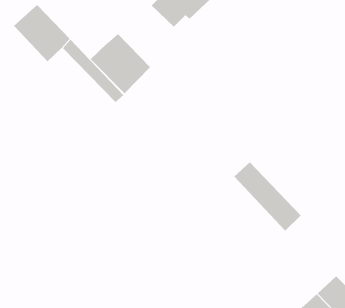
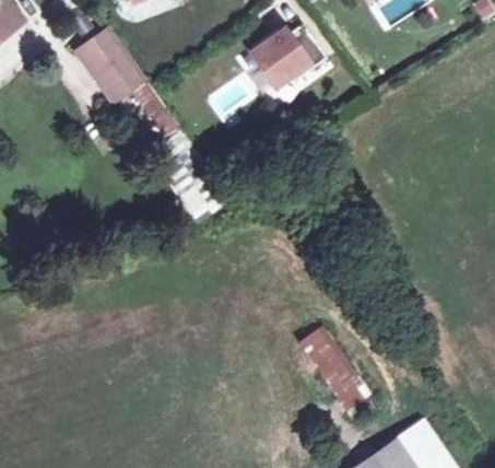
building: [90,33,151,94] -> none
building: [234,161,301,231] -> [300,327,376,420]

